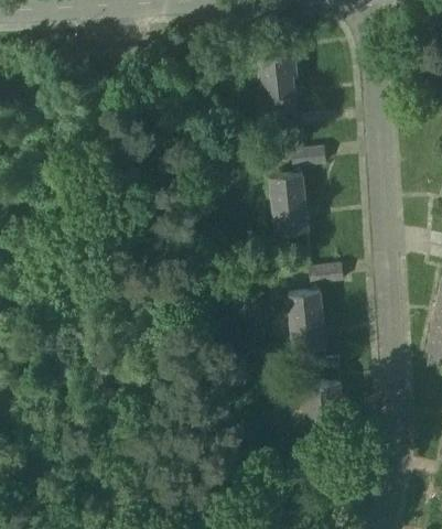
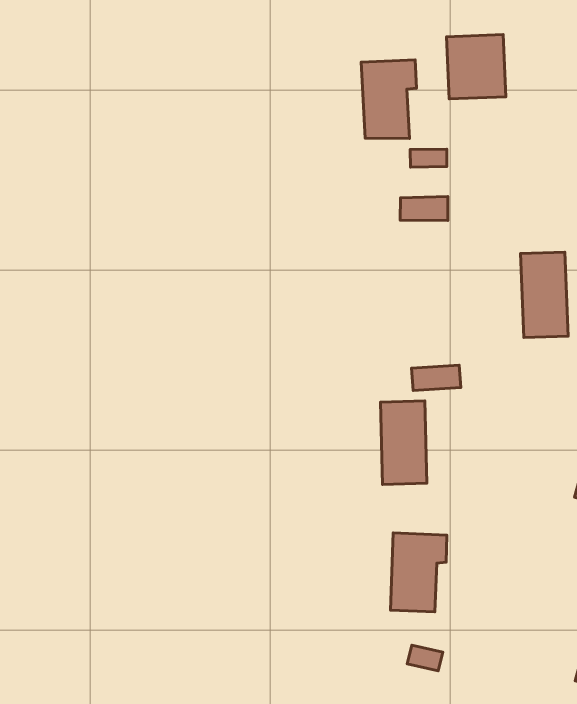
building: none -> [446,35,506,99]
building: [270,173,308,235] -> [521,252,568,338]

